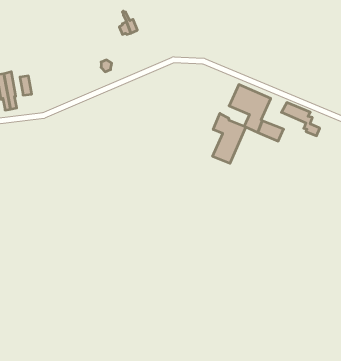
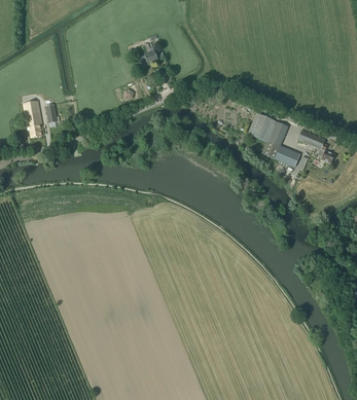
building: [213,113,246,163] -> none

